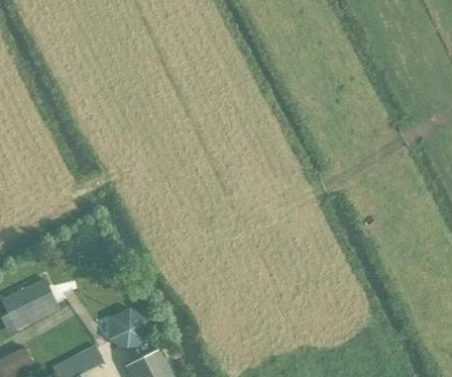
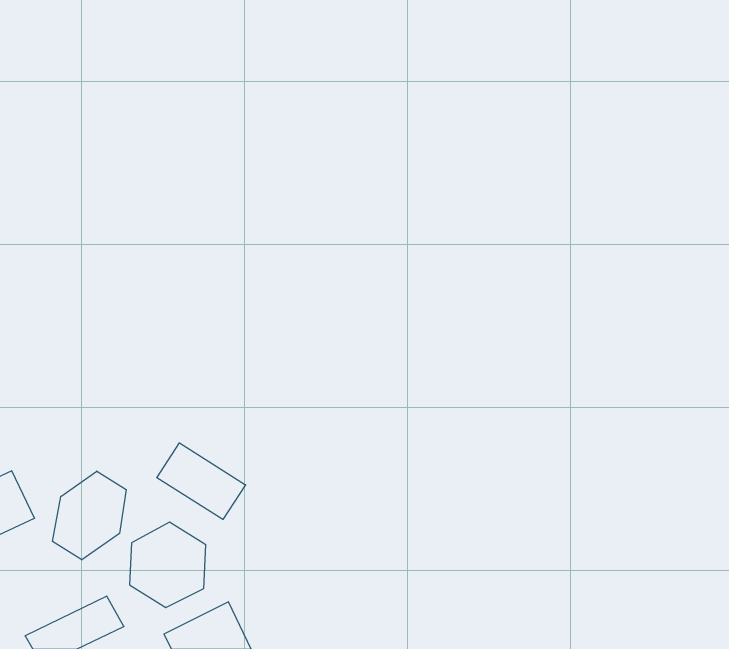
building: none -> [157,443,246,519]
building: none -> [52,471,126,560]

